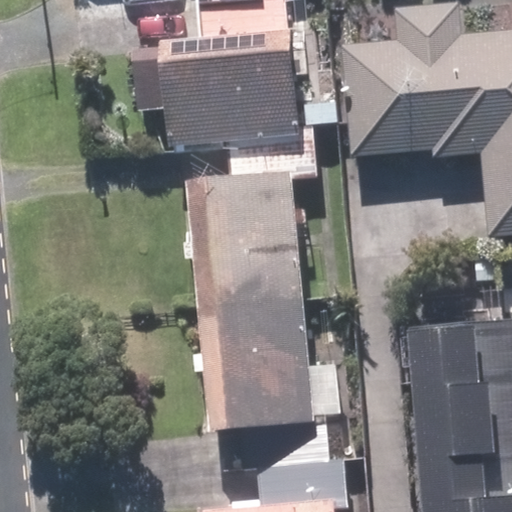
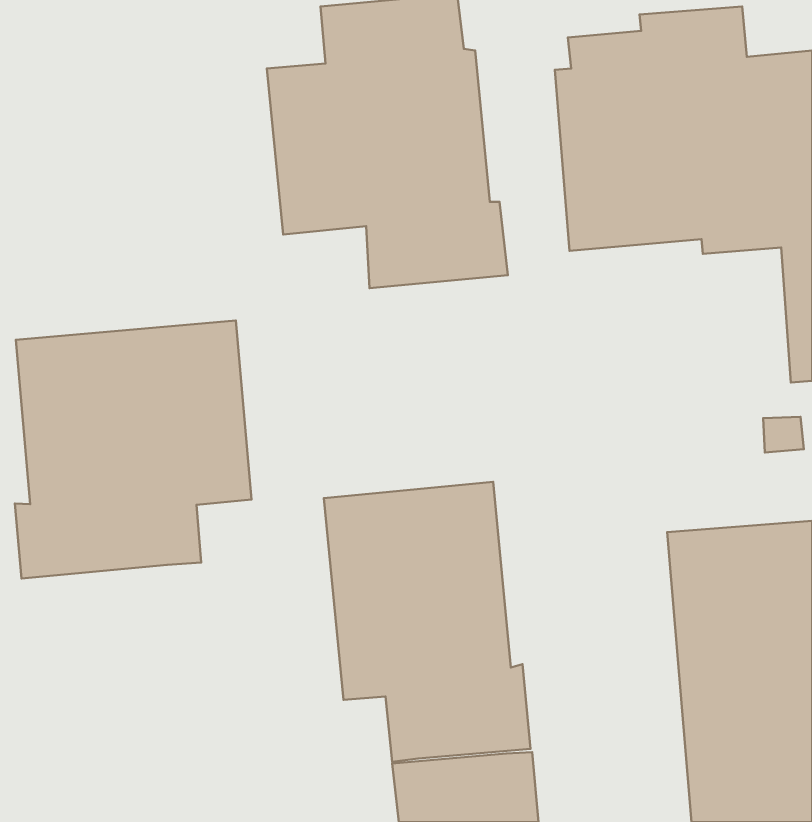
building: [188,169,312,306] -> none
building: none -> [15,321,251,579]

